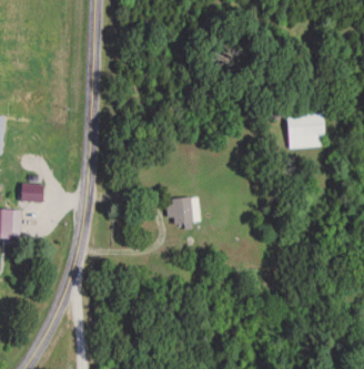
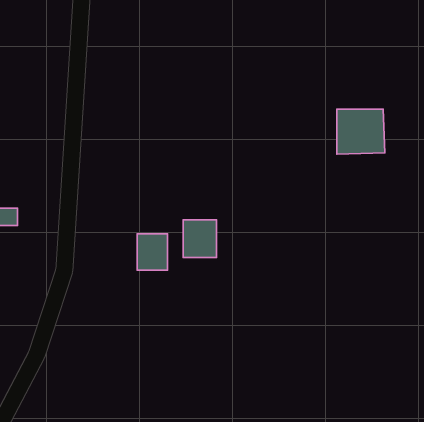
building: none -> [137,234,168,270]

